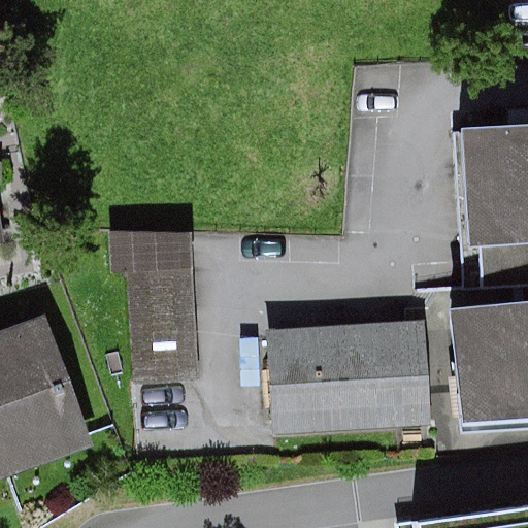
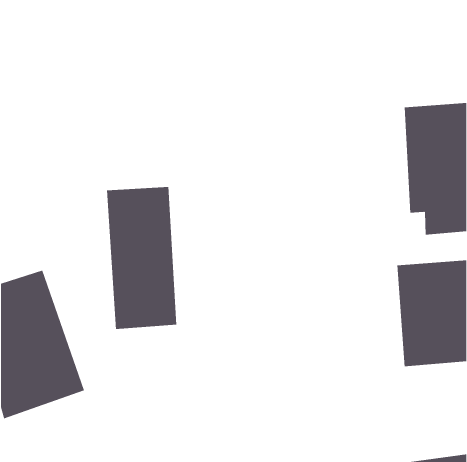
building: [274,322,437,435] -> none

